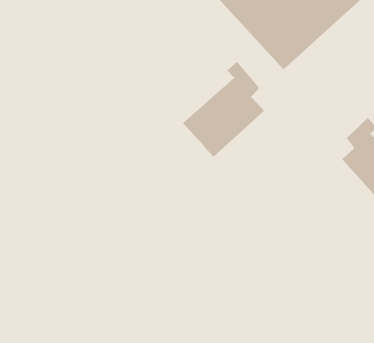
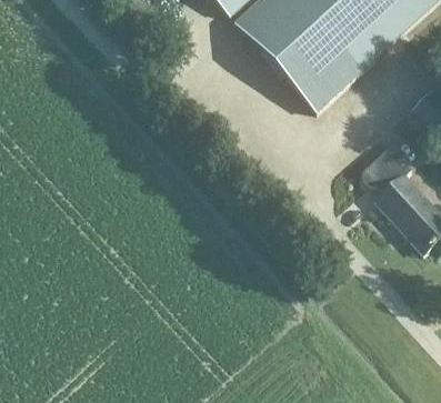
building: [182,61,265,157] -> none

